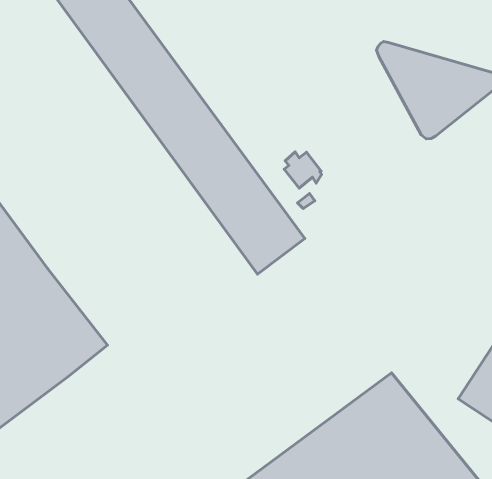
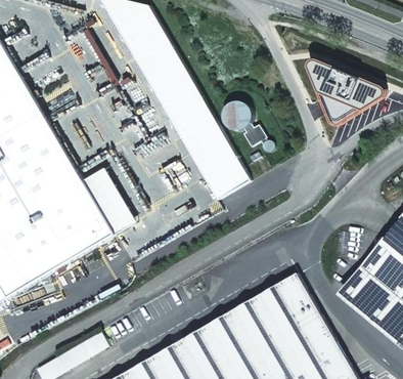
building: none -> [221,101,251,130]
building: none -> [82,169,135,235]

